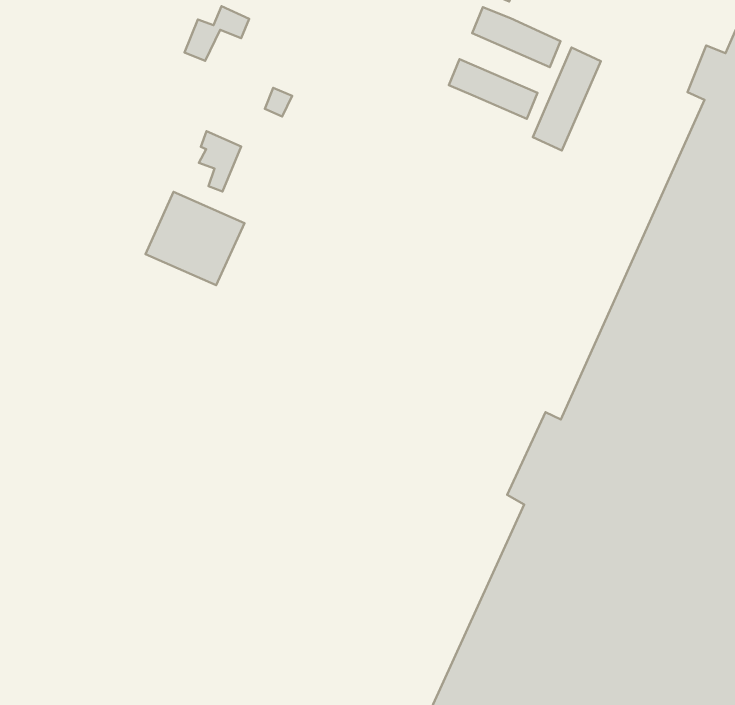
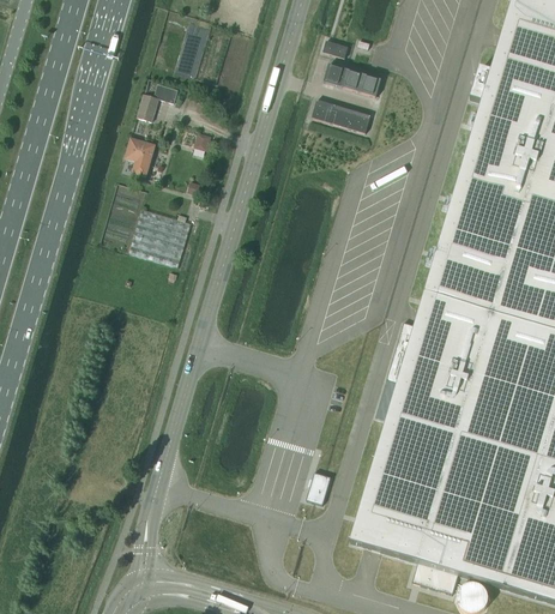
building: [533,48,601,150] -> none
building: [199,131,241,192] -> [129,138,156,176]

